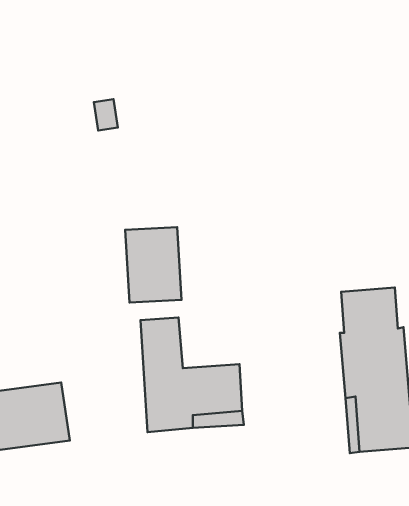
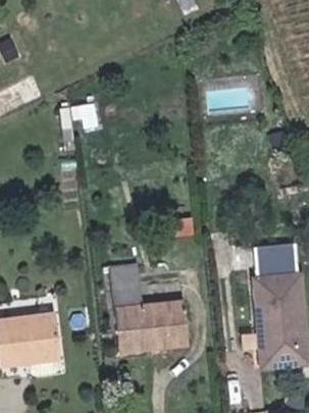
building: [125,227,182,303] -> none

